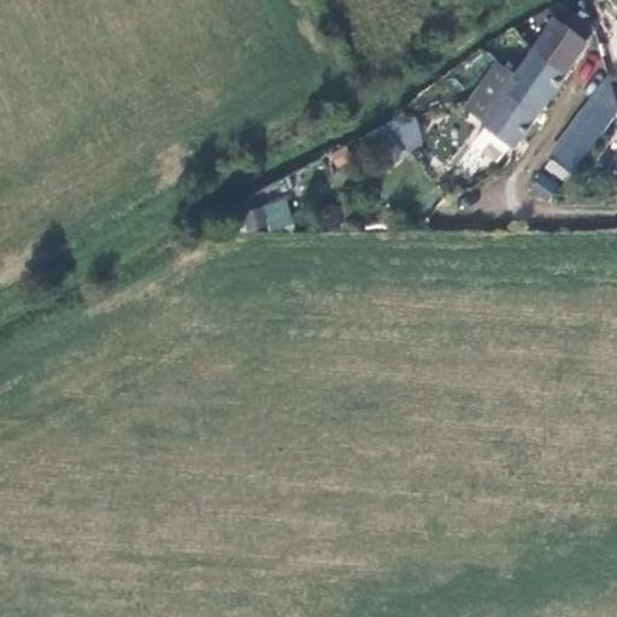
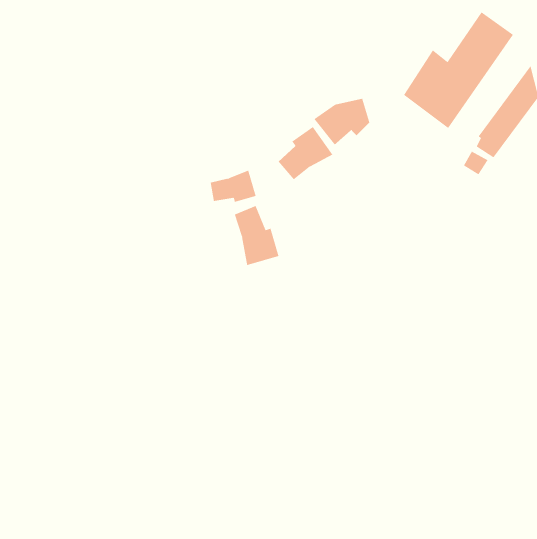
building: none -> [278,126,333,180]
building: none -> [234,205,279,266]

